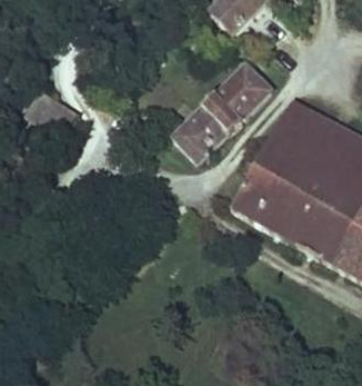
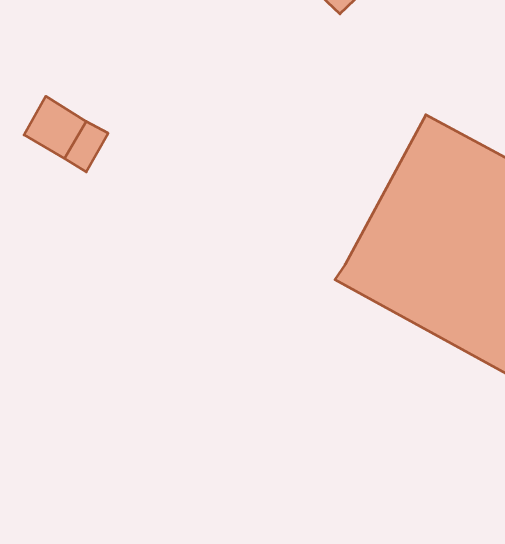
building: [172,61,270,160] -> none

